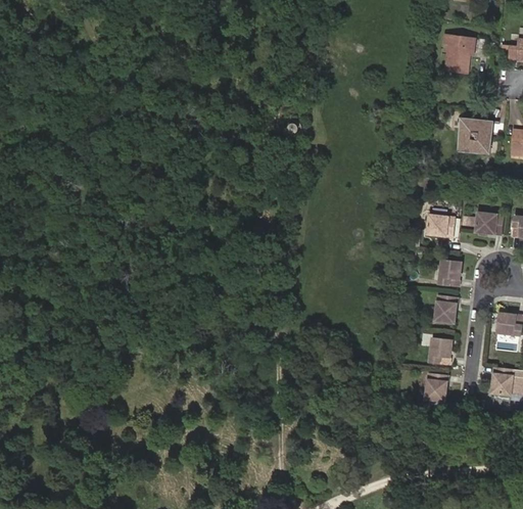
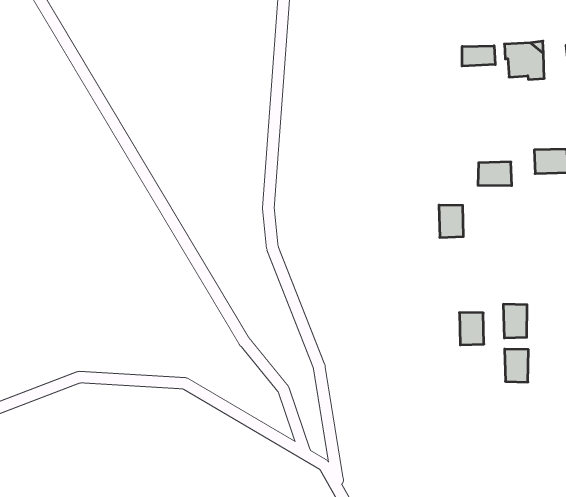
building: none -> [462,46,495,66]
building: [438,257,461,285] -> [439,205,463,237]
building: [434,295,457,324] -> [459,313,484,345]

